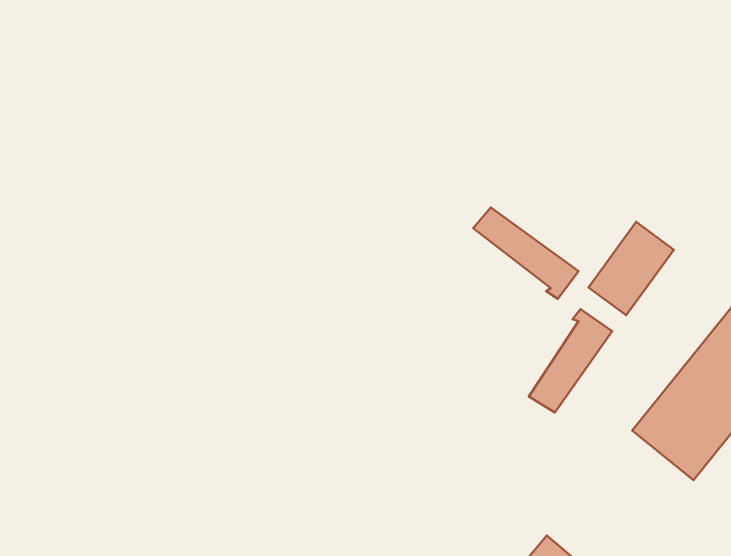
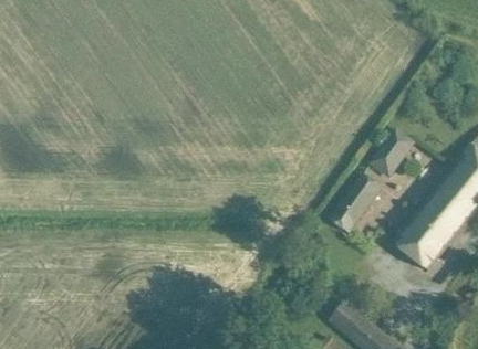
building: [473,207,579,299] -> none

